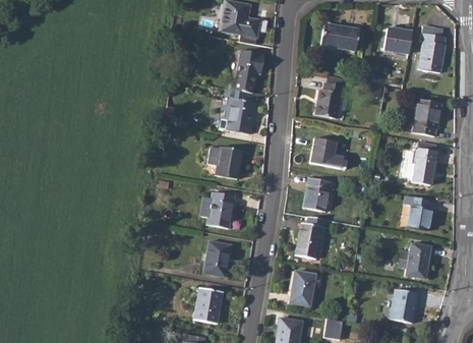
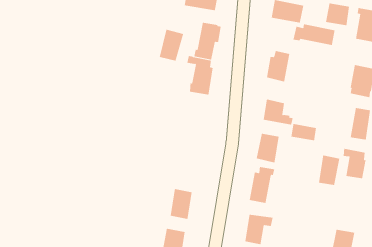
building: none -> [293,23,335,46]
building: none -> [159,29,184,62]
building: [199,146,242,178] -> none
building: none -> [291,123,317,141]
building: [201,191,234,228] -> none
building: [406,242,431,278] -> [318,155,340,186]

